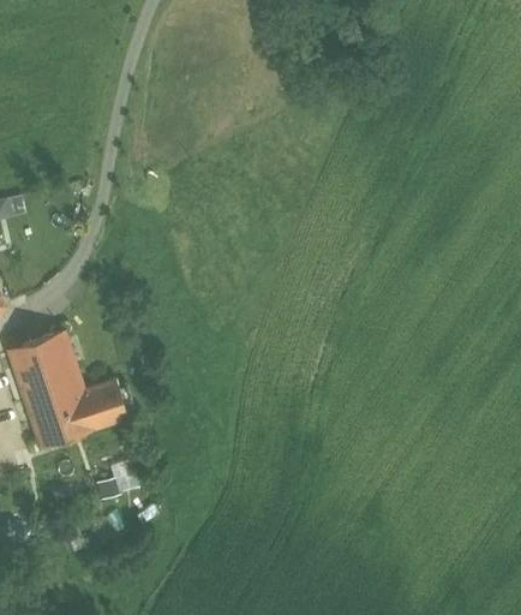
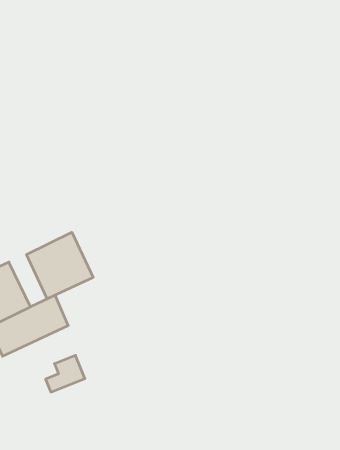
building: none -> [27,232,93,299]

